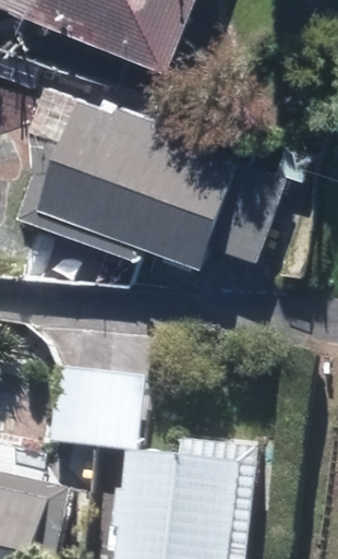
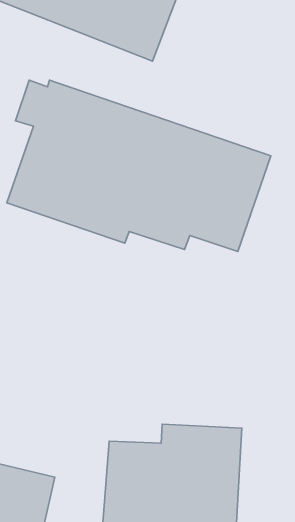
building: [41,371,137,450] -> none

